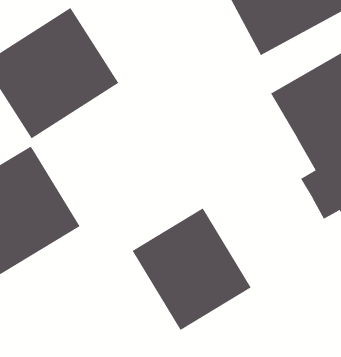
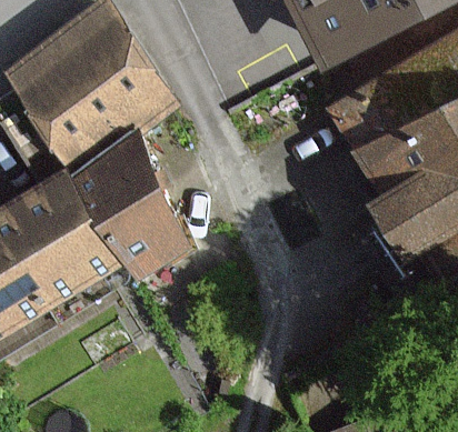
building: none -> [69,137,183,280]
building: [132,208,251,331] -> none

